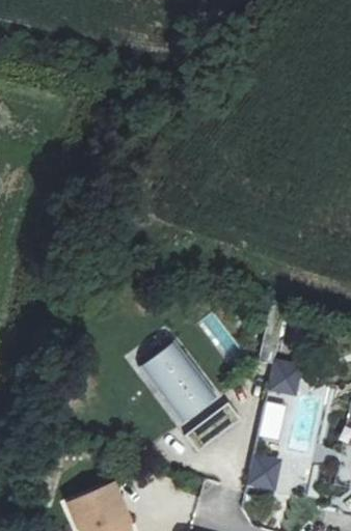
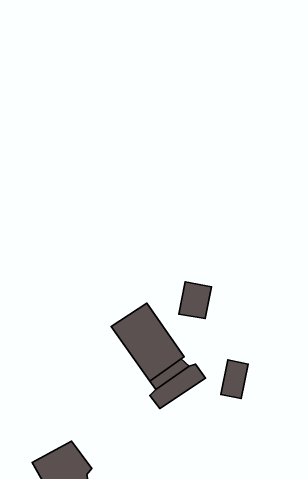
building: [267,359,300,396] -> [179,282,211,318]
building: [245,454,276,490] -> none

